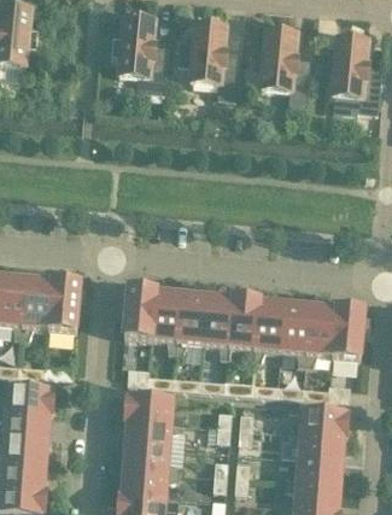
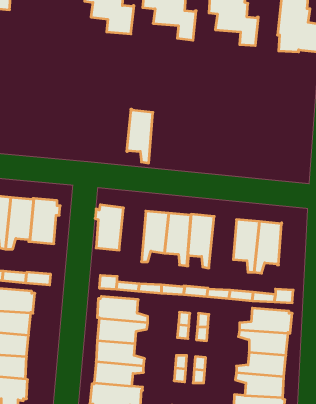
building: [151,288,181,350] -> [127,109,153,163]
building: [253,298,285,358] -> none
building: [333,305,367,356] -> none

